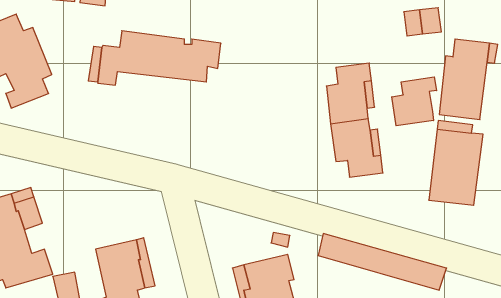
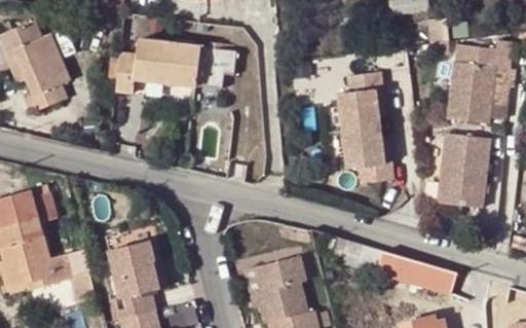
building: [392,77,437,126] -> none

